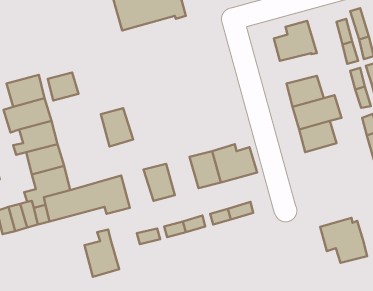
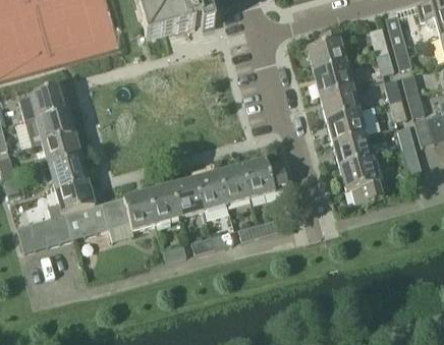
building: none -> [313,63,351,95]
building: [48,72,79,101] -> none
building: [101,108,133,146] -> [148,184,181,224]
building: none -> [195,171,228,211]
building: [320,218,367,263] -> [339,157,388,204]
building: [85,229,119,277] -> none

